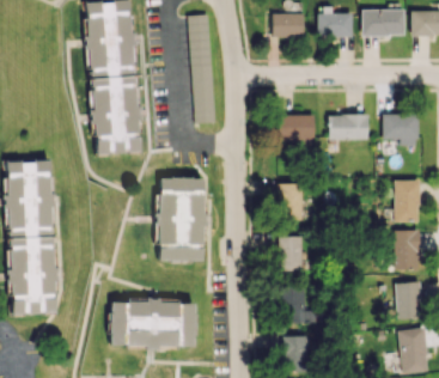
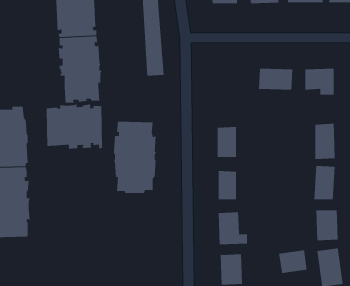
building: [279,115,315,144] -> none
building: none -> [46,103,103,150]
building: [111,298,195,349] -> none
building: none -> [278,249,307,274]

